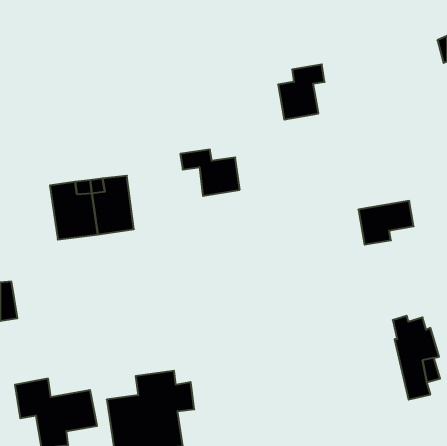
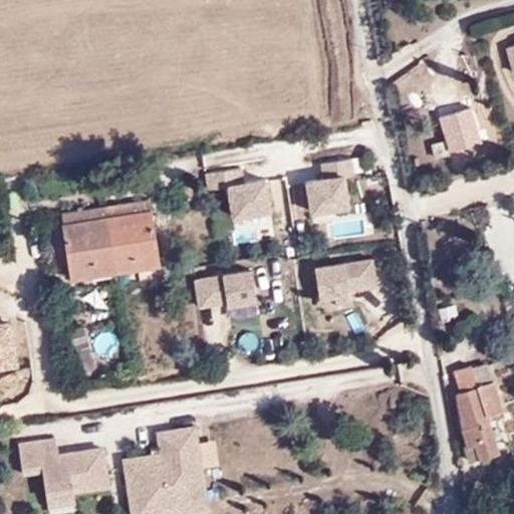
building: [278,64,325,120] -> [306,160,359,223]
building: none -> [440,110,481,154]
building: [358,201,414,245] -> [316,260,379,310]
building: none -> [193,270,260,314]

